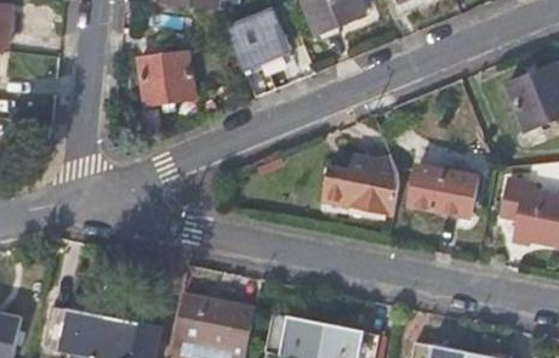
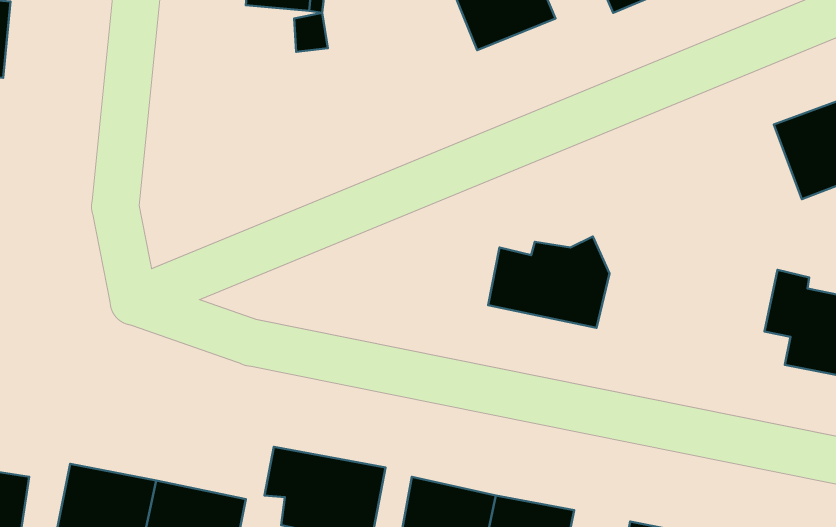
building: [224,8,286,67] -> none
building: [138,52,194,106] -> none
building: [409,163,479,217] -> none

